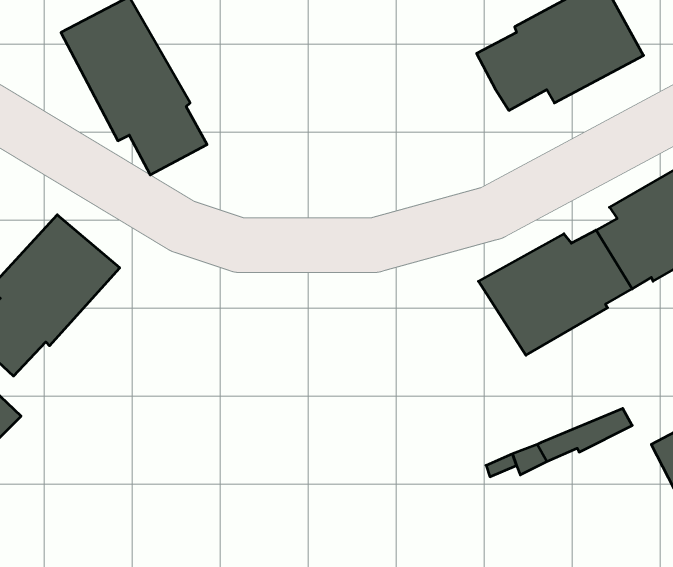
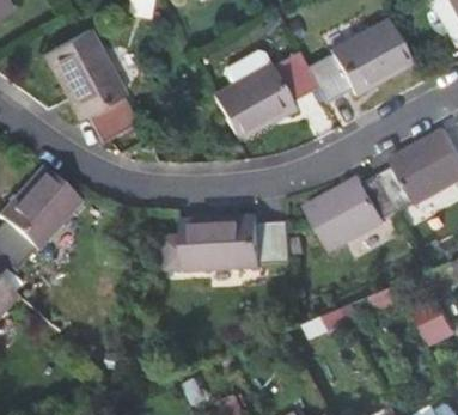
building: none -> [212,54,315,139]
building: none -> [163,213,292,270]

